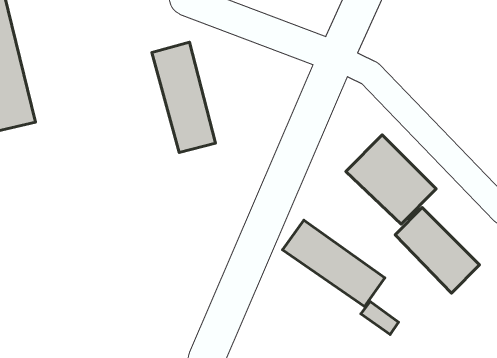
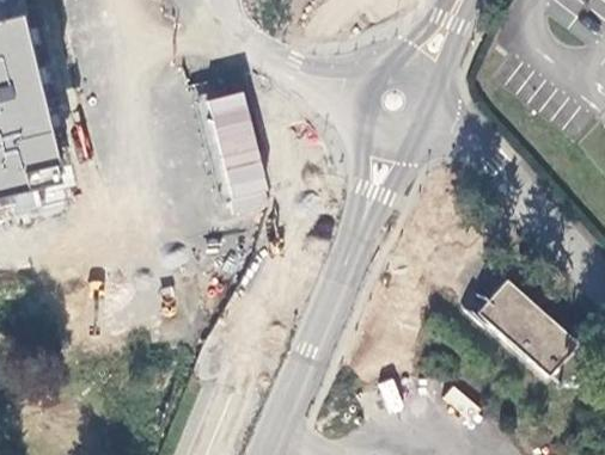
building: [346,135,436,224] -> none
building: [283,220,385,307] -> none

